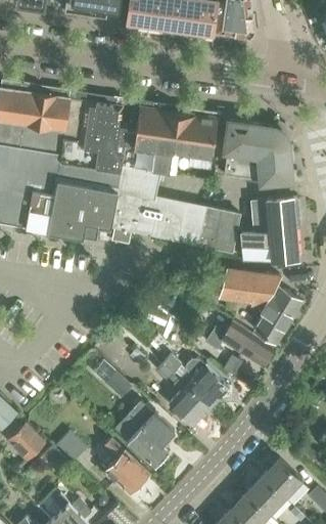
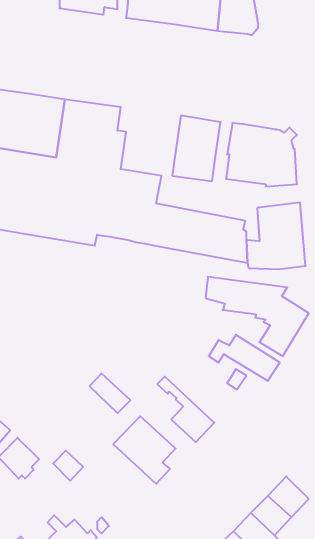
building: [123,107,180,171] -> none
building: [165,354,229,406] -> none
building: [104,437,149,491] -> none

